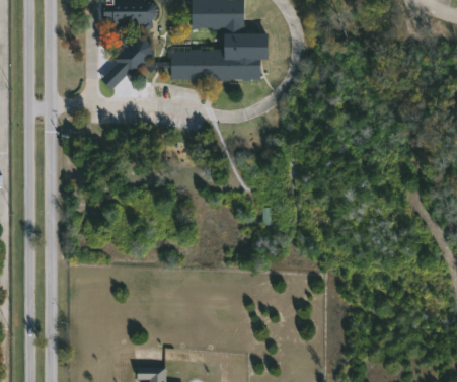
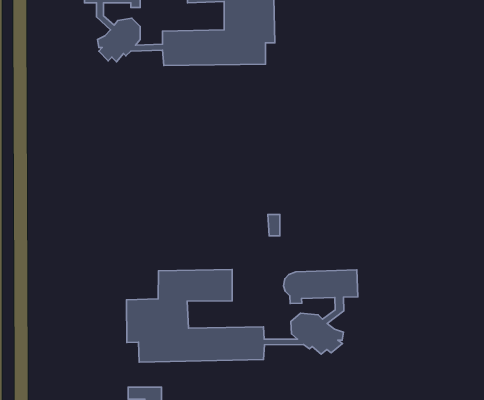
building: none -> [126,269,358,362]

